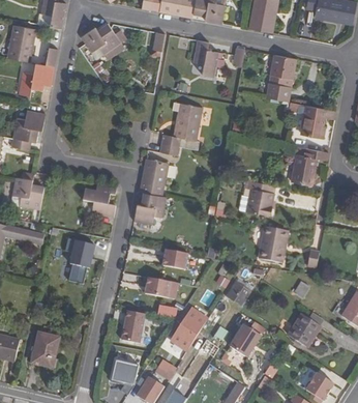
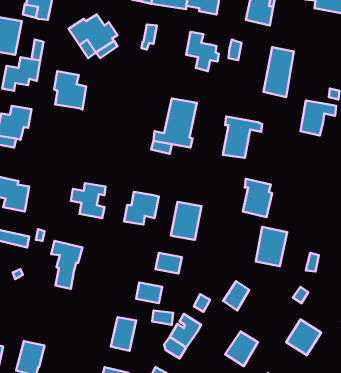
building: none -> [54,71,86,109]
building: [291,145,328,184] -> [223,117,262,158]
building: [139,159,168,195] -> [171,202,201,240]

